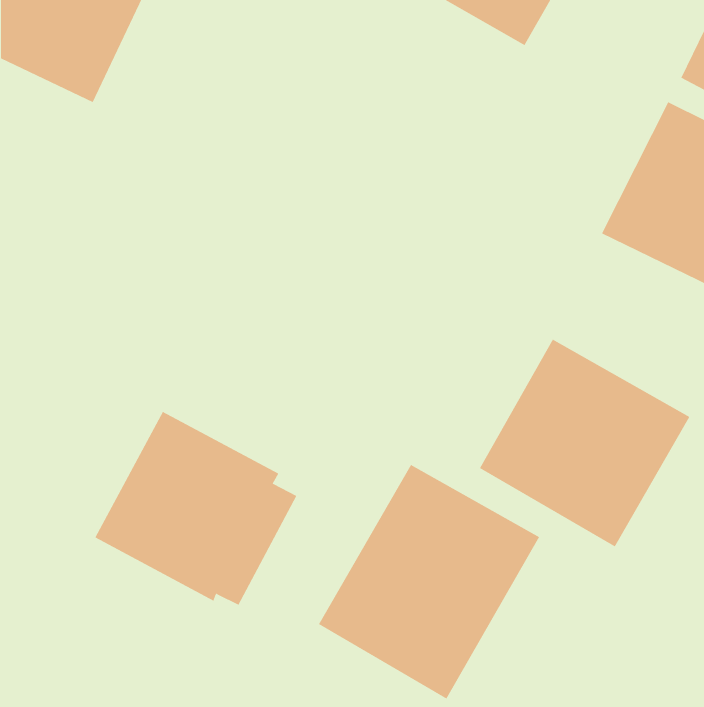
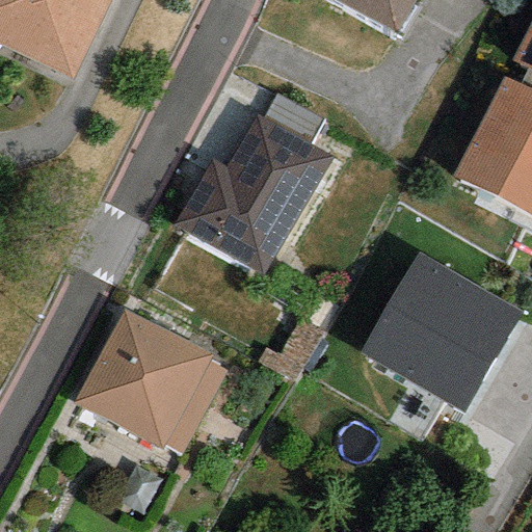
building: none -> [178,113,335,276]
building: [318,464,540,700] -> none

